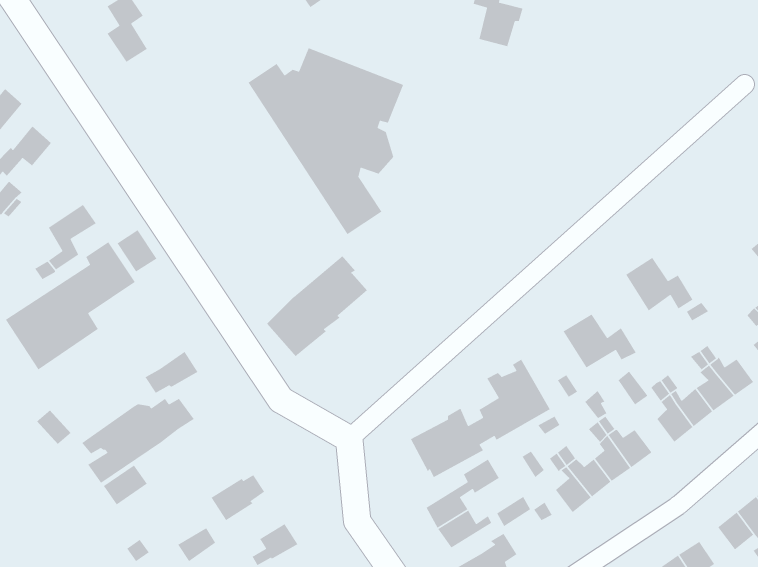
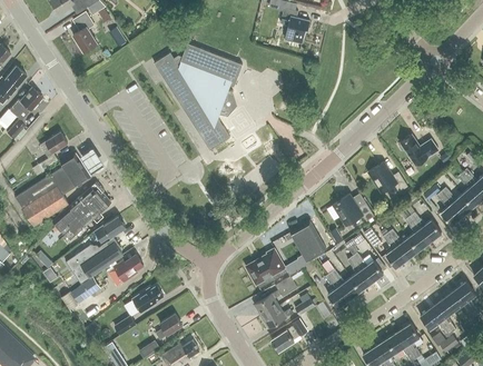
building: none -> [400,136,438,166]
building: [266,255,368,357] -> [53,182,111,240]
building: none -> [105,255,144,283]

